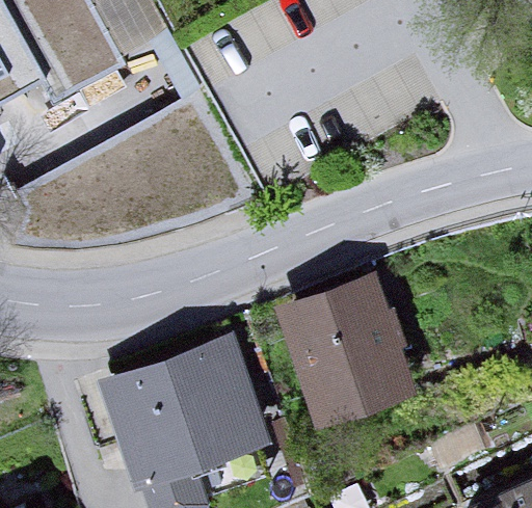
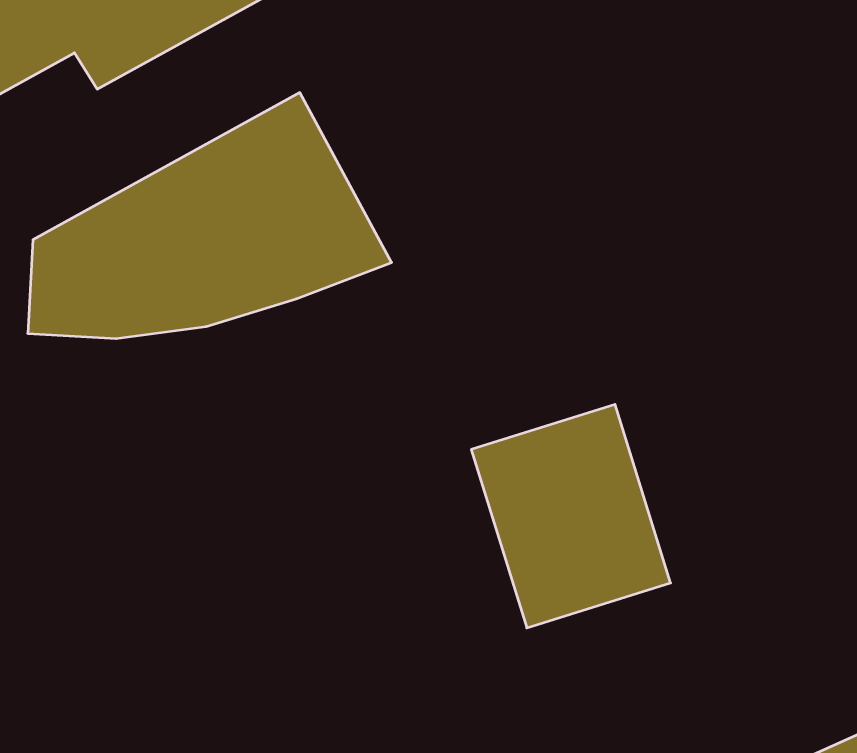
building: [107,348,254,481] -> none

